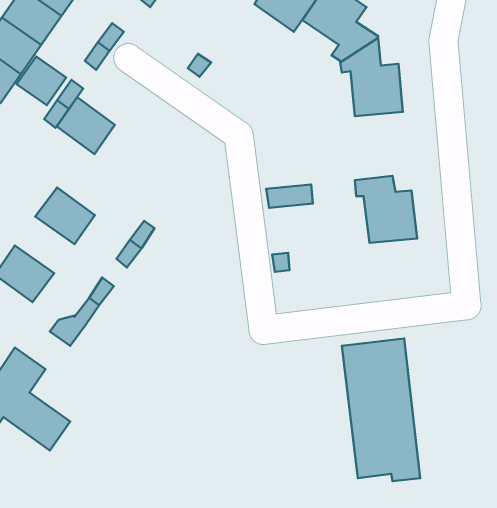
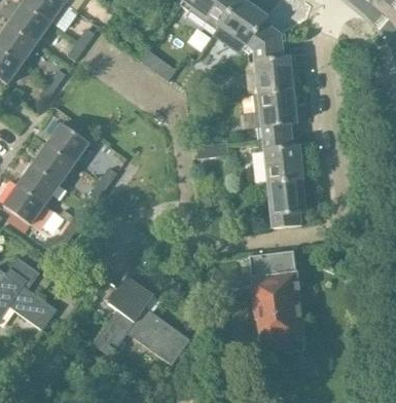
building: [17,56,66,105] -> none
building: [57,97,115,154] -> [47,122,88,162]
building: none -> [253,89,296,138]
building: none -> [17,163,60,204]
building: none -> [265,179,307,226]
building: none -> [93,258,189,363]

